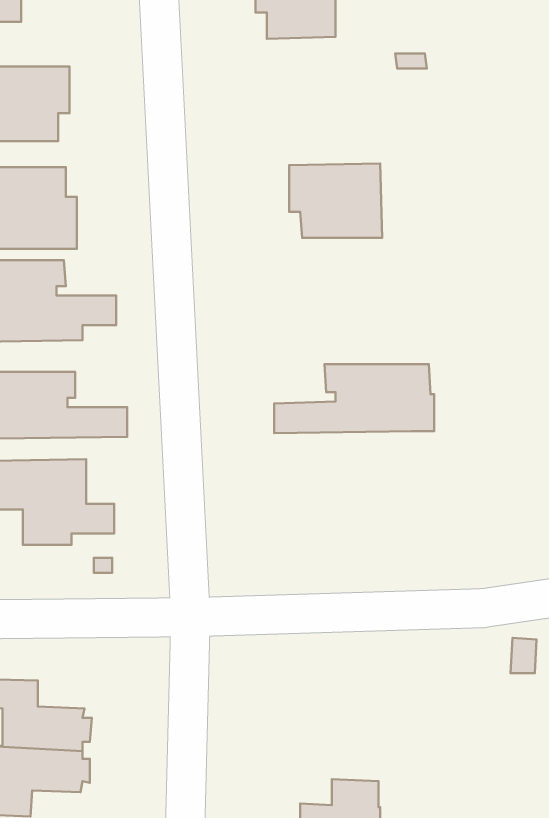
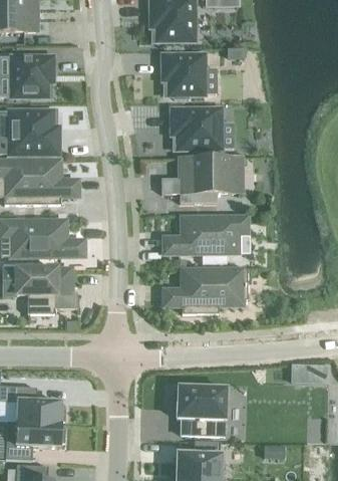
building: none -> [162,48,204,93]
building: none -> [161,155,242,201]
building: none -> [164,267,248,312]
building: none -> [178,386,227,434]

